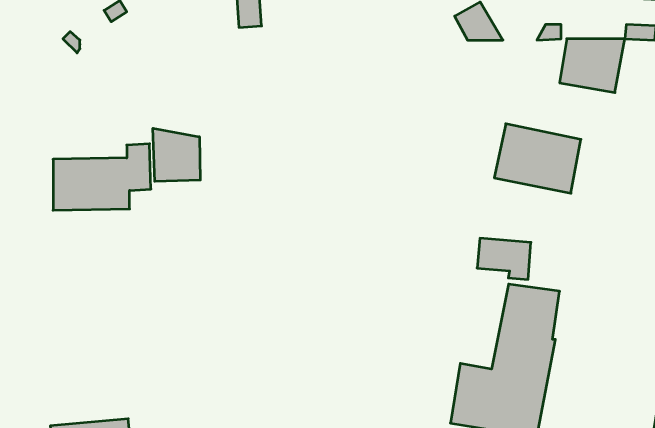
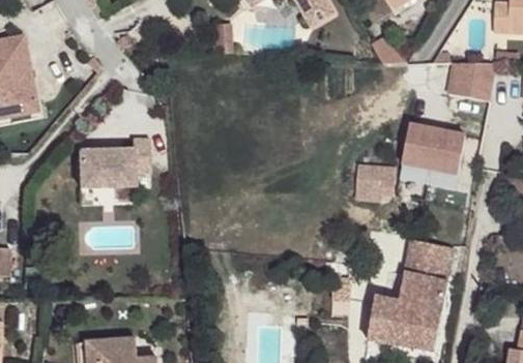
building: [153,128,200,181] -> none
building: [477,238,531,279] -> [356,163,396,193]

